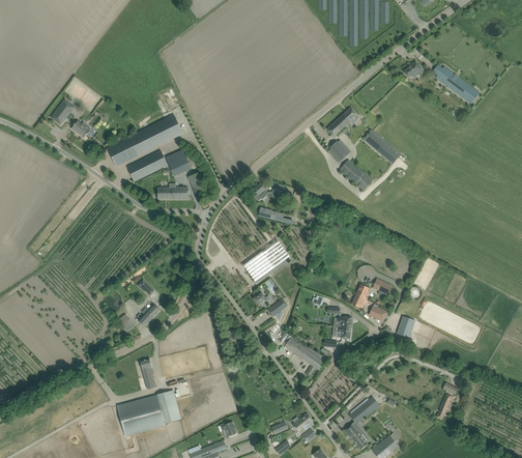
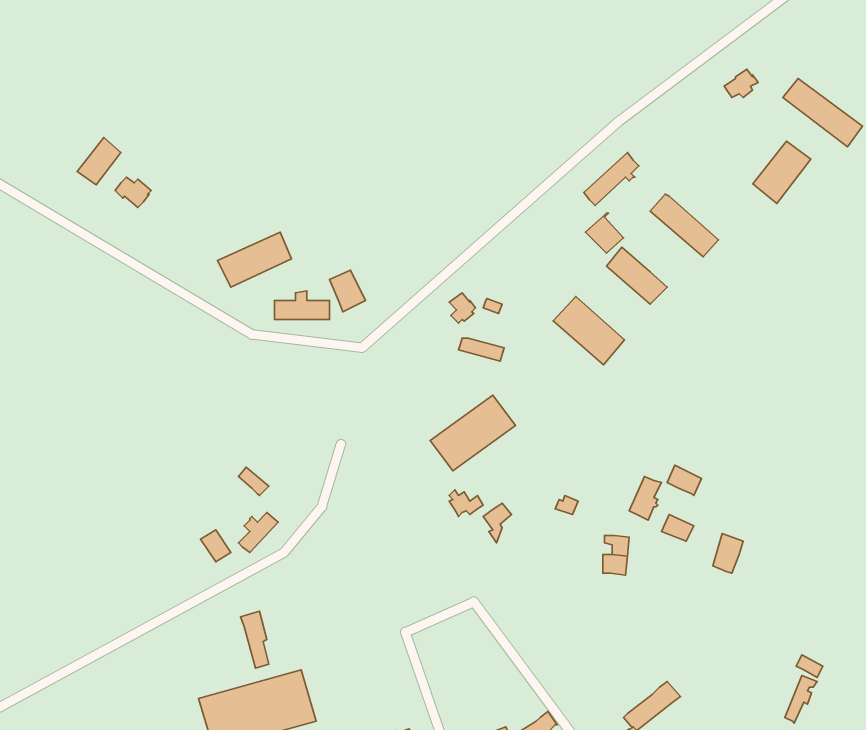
building: none -> [753,141,811,203]
building: [108,114,183,166] -> none
building: [166,149,192,175] -> none
building: none -> [553,296,624,365]
building: [285,335,328,380] -> none

